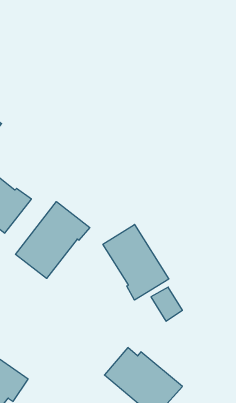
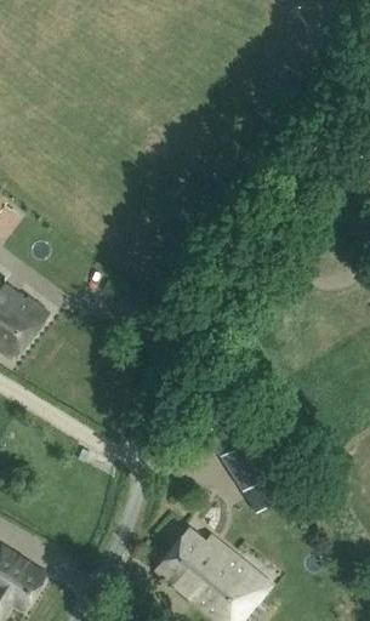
building: [16,202,90,278] -> none
building: [103,224,169,300] -> none

